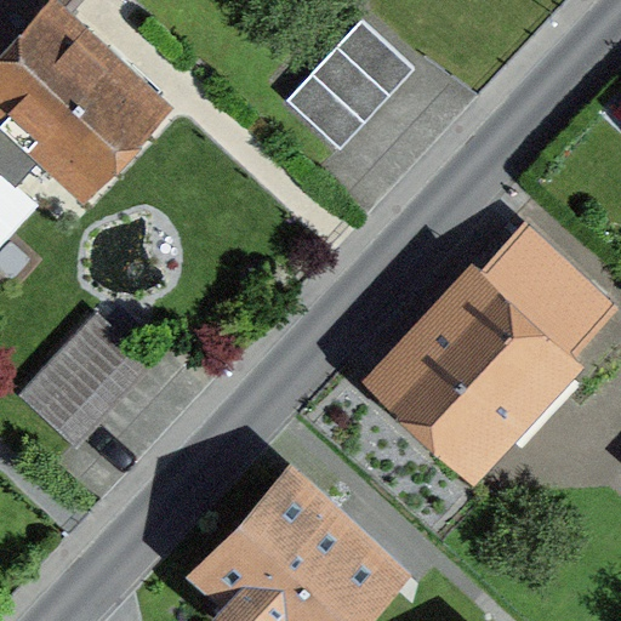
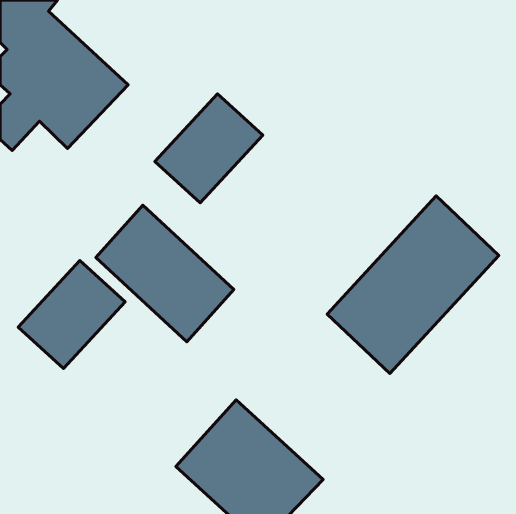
building: [286,17,416,148] -> [155,94,263,203]
building: none -> [96,205,234,342]

